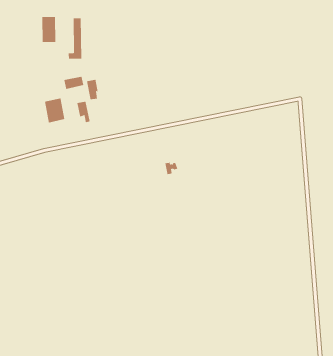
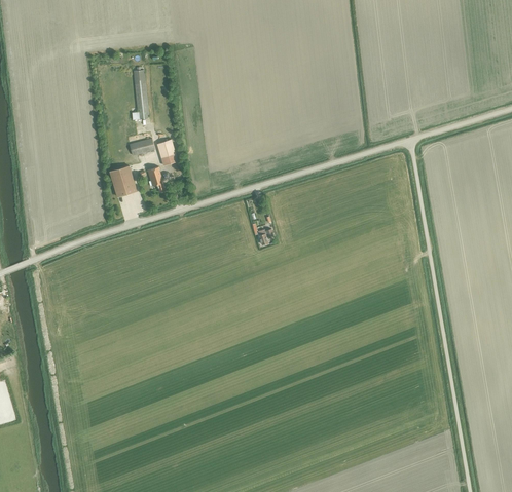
building: [42,16,56,43] -> none

